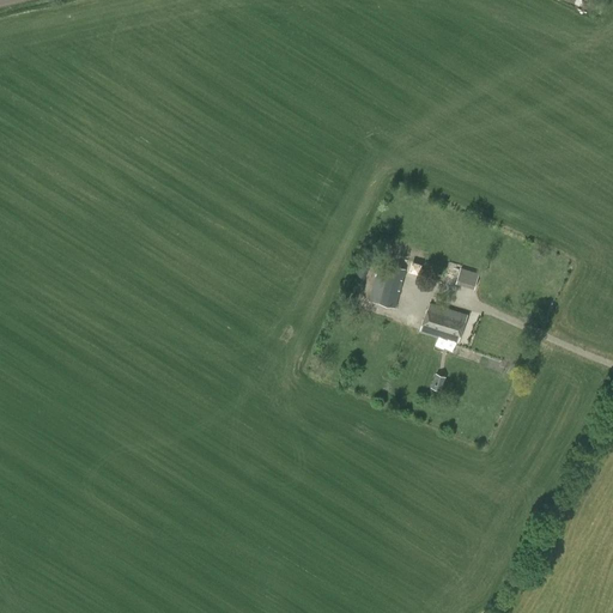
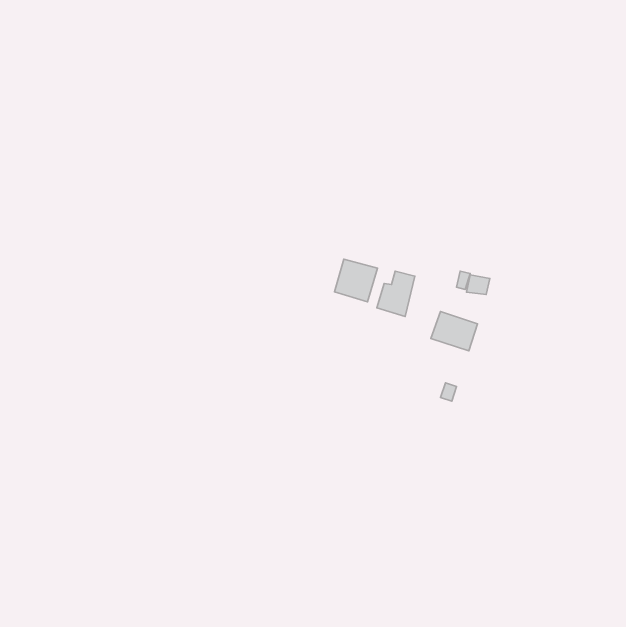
building: none -> [335,259,378,302]

